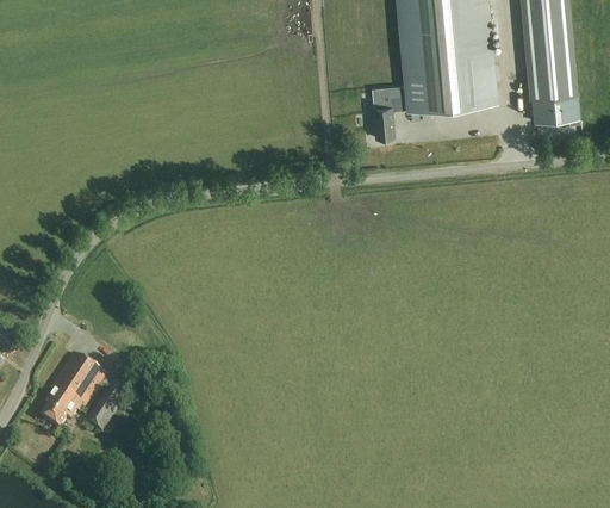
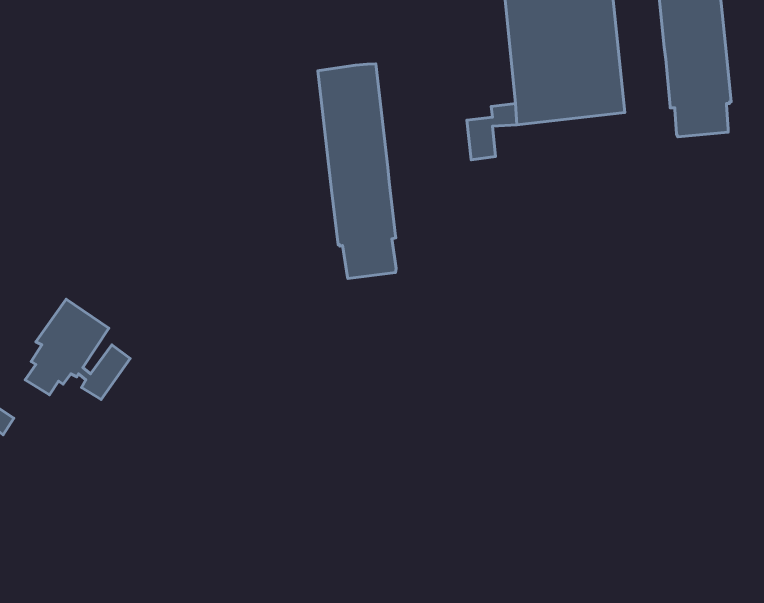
building: none -> [318,64,396,278]
building: [38,355,120,434] -> [25,299,130,400]

